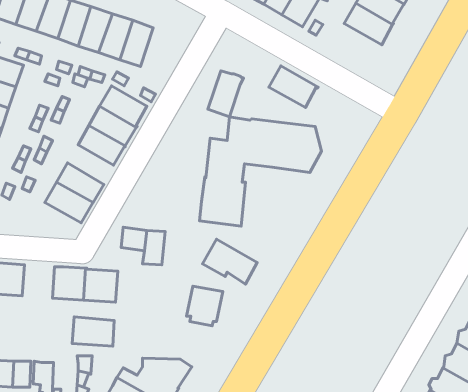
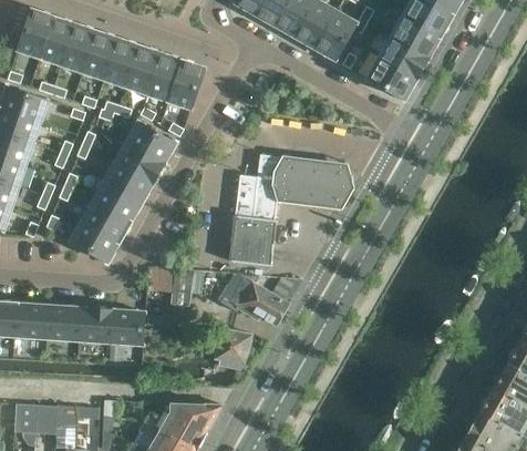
building: [269,66,318,108] -> [365,57,416,100]
building: [208,71,243,117] -> [167,61,204,109]
building: none -> [92,182,140,223]
building: none -> [45,306,79,340]
building: [72,317,114,346] -> none

